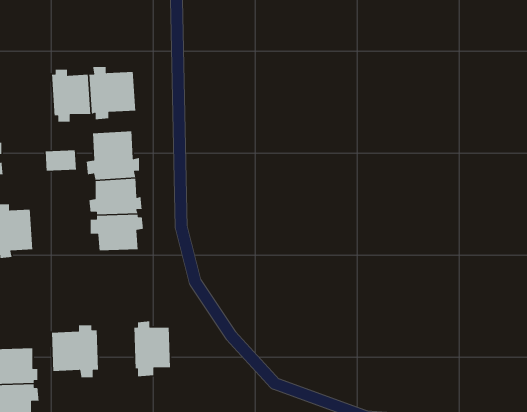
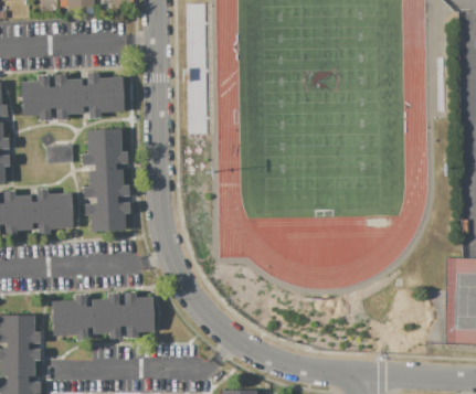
building: none -> [21,75,53,123]
building: none -> [33,189,73,235]
building: none -> [91,294,123,340]

